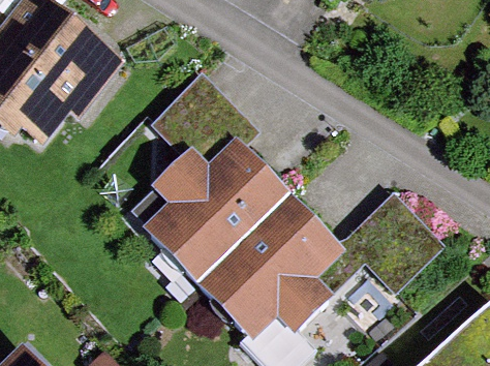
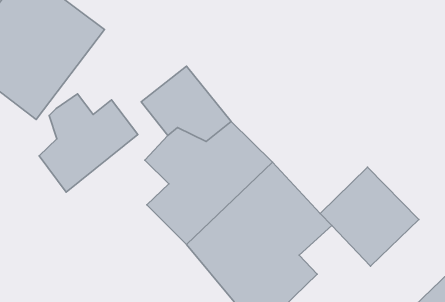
building: none -> [39,94,138,192]

